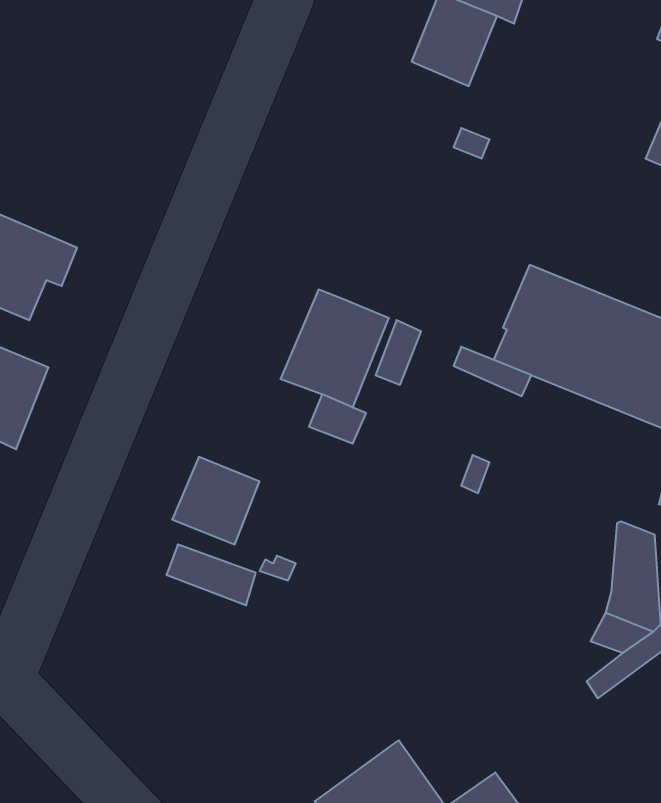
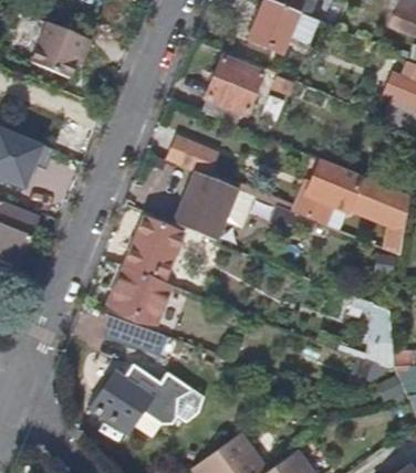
building: none -> [30,21,91,76]
building: none -> [202,56,263,125]
building: none -> [170,136,219,176]
building: none -> [124,218,183,280]
building: none -> [94,367,206,430]

